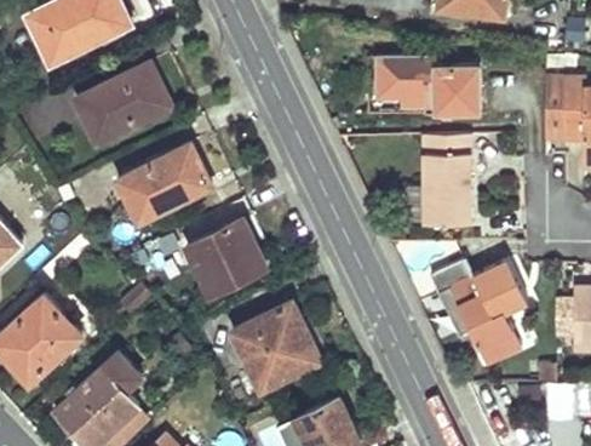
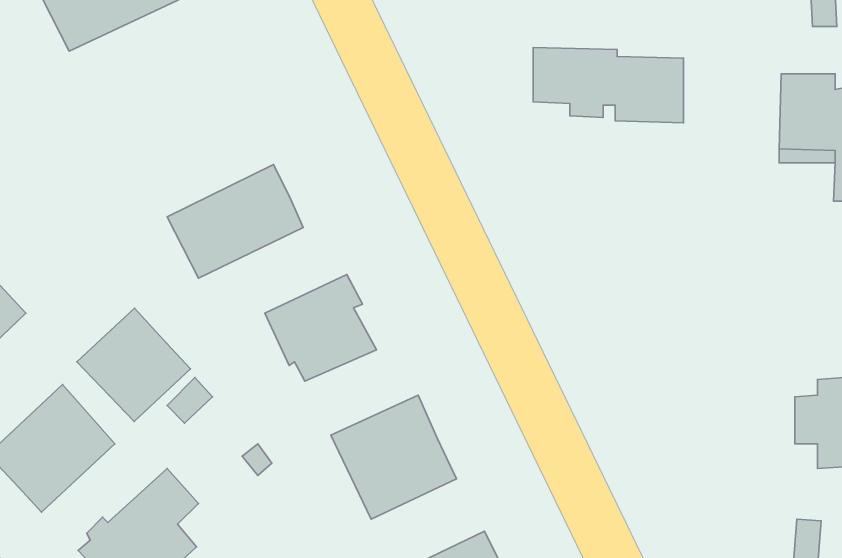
building: [76,63,173,142] -> none
building: [421,138,469,227] -> none
building: none -> [77,308,190,421]
building: [426,264,526,367] -> none

